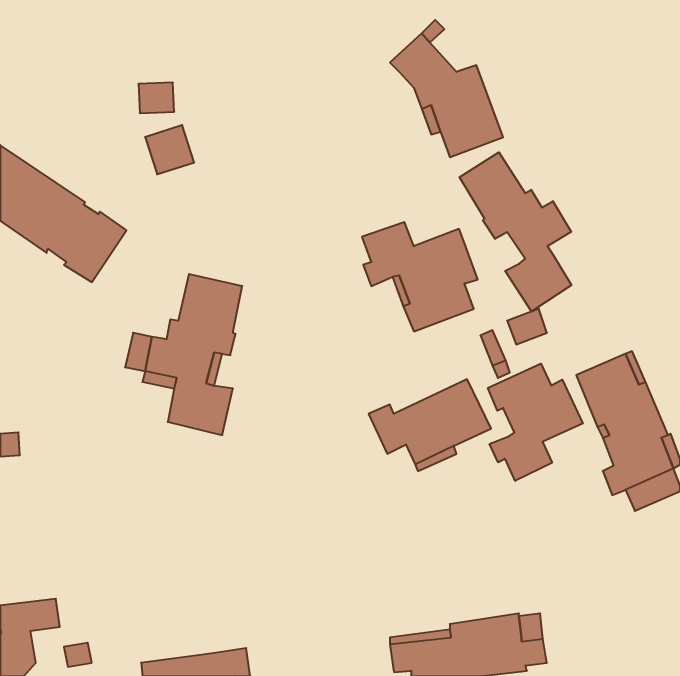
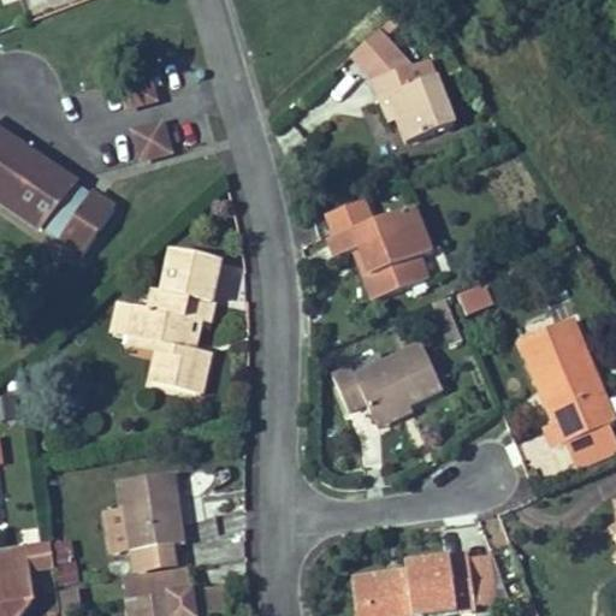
building: [460,152,571,312] -> none
building: [488,364,583,481] -> none
building: none -> [105,473,185,550]
building: none -> [124,567,191,599]

